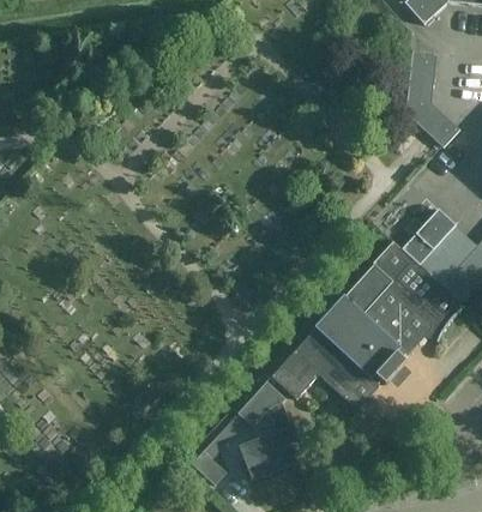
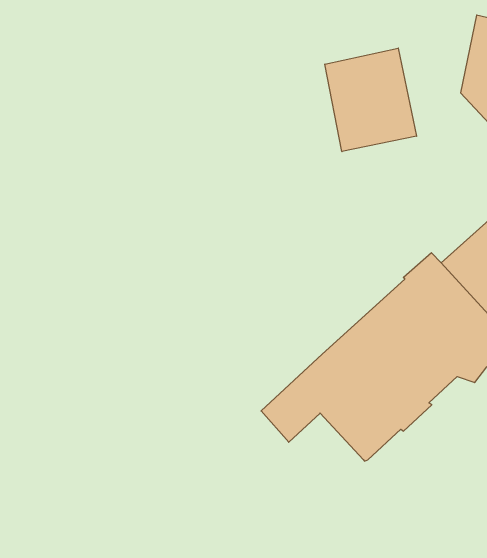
building: none -> [325,48,417,152]
building: [194,380,301,481] -> none

